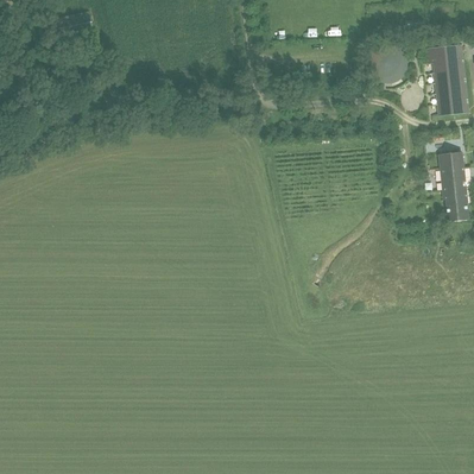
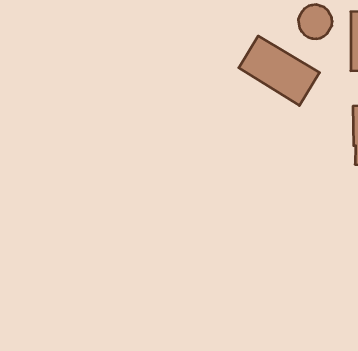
building: none -> [239,36,320,106]

